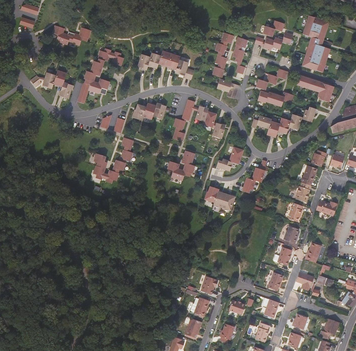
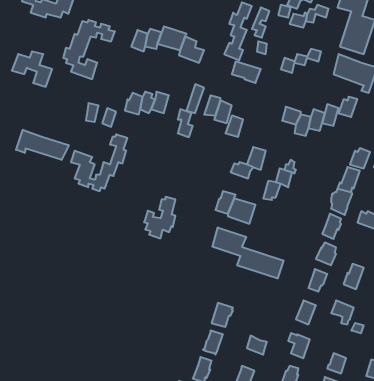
building: [258,92,294,107] -> none
building: none -> [16,130,69,160]
building: [169,150,194,183] -> [144,197,175,238]
building: none -> [212,227,283,278]

